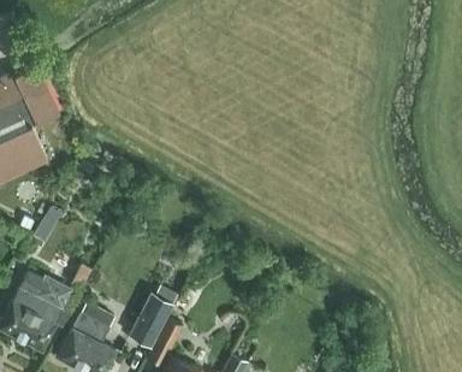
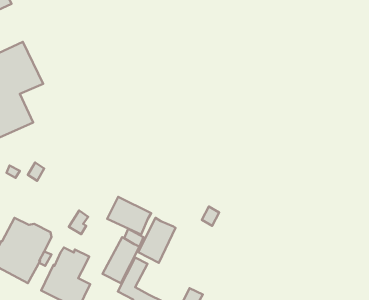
building: none -> [107,197,151,234]
building: none -> [138,218,176,263]

